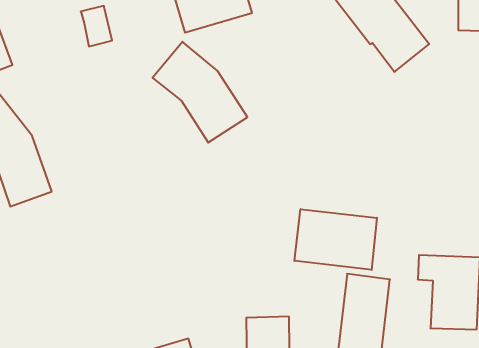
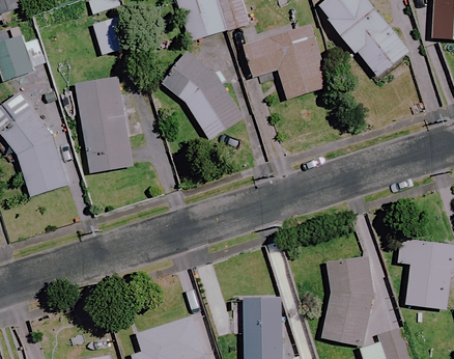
building: none -> [243,25,328,100]
building: none -> [73,76,135,173]
building: [294,209,377,270] -> none

